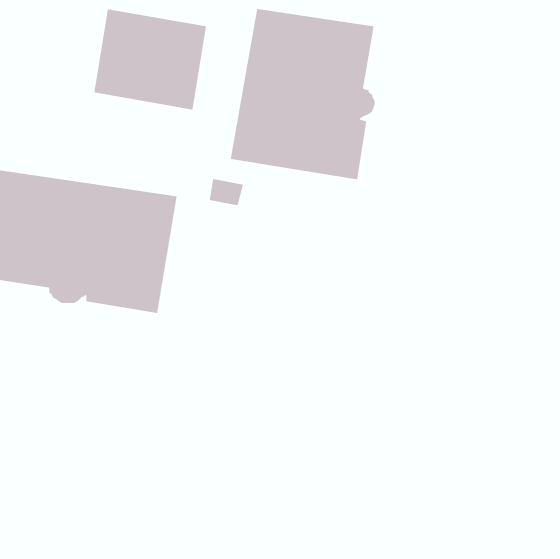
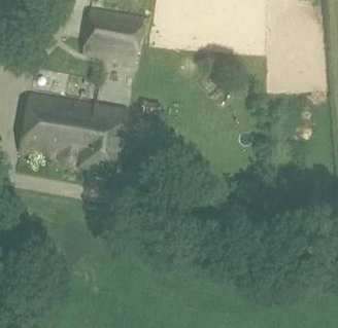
building: [230,8,376,180] -> none

